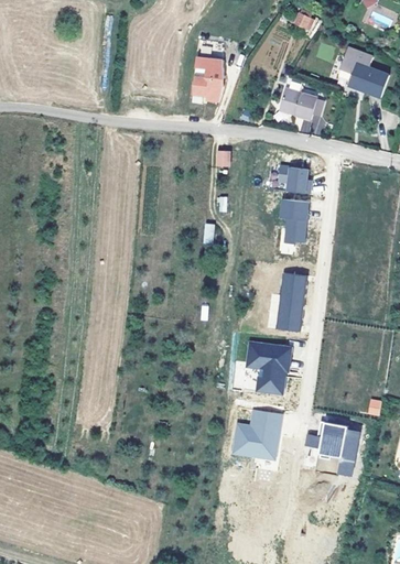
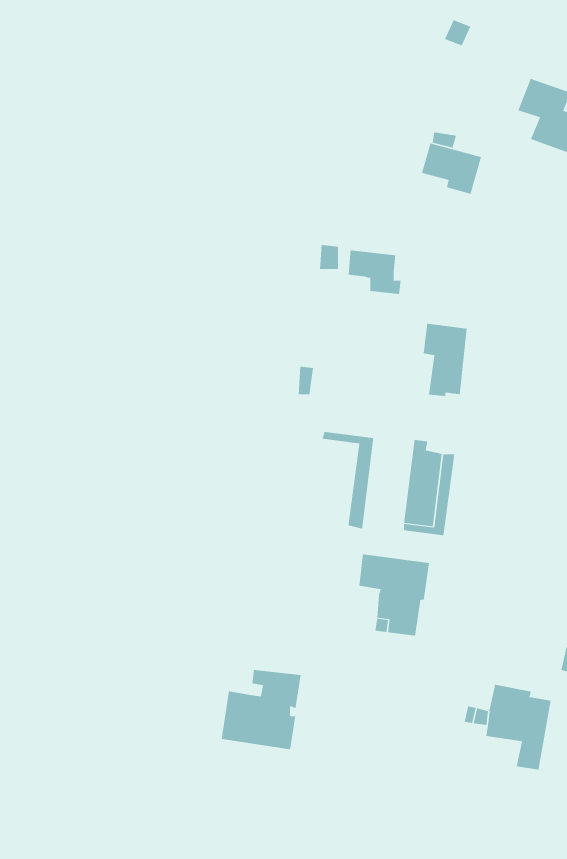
building: [193,58,227,104] -> none
building: [278,166,311,194] -> [348,250,402,295]
building: none -> [322,431,374,530]
building: [233,411,282,460] -> [221,669,301,750]

